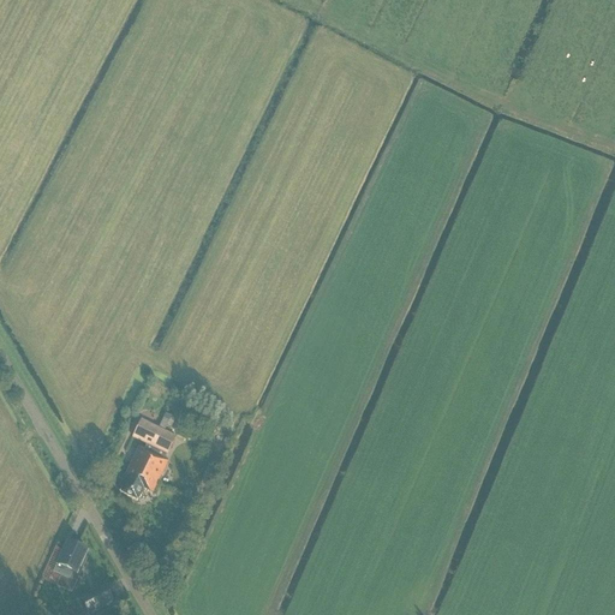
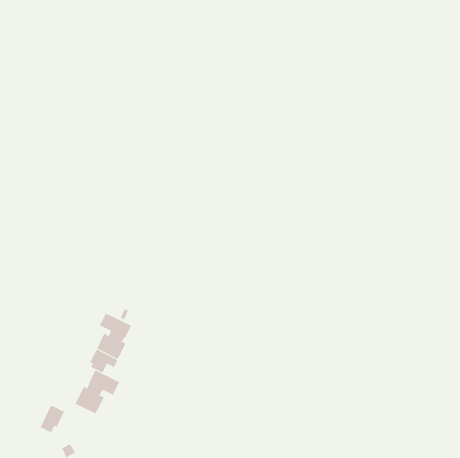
building: none -> [75,369,120,414]

